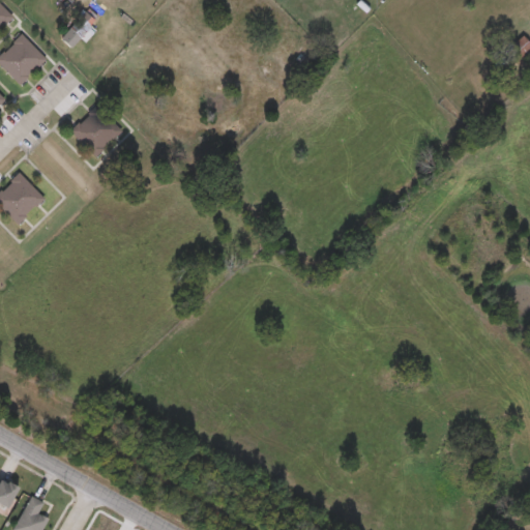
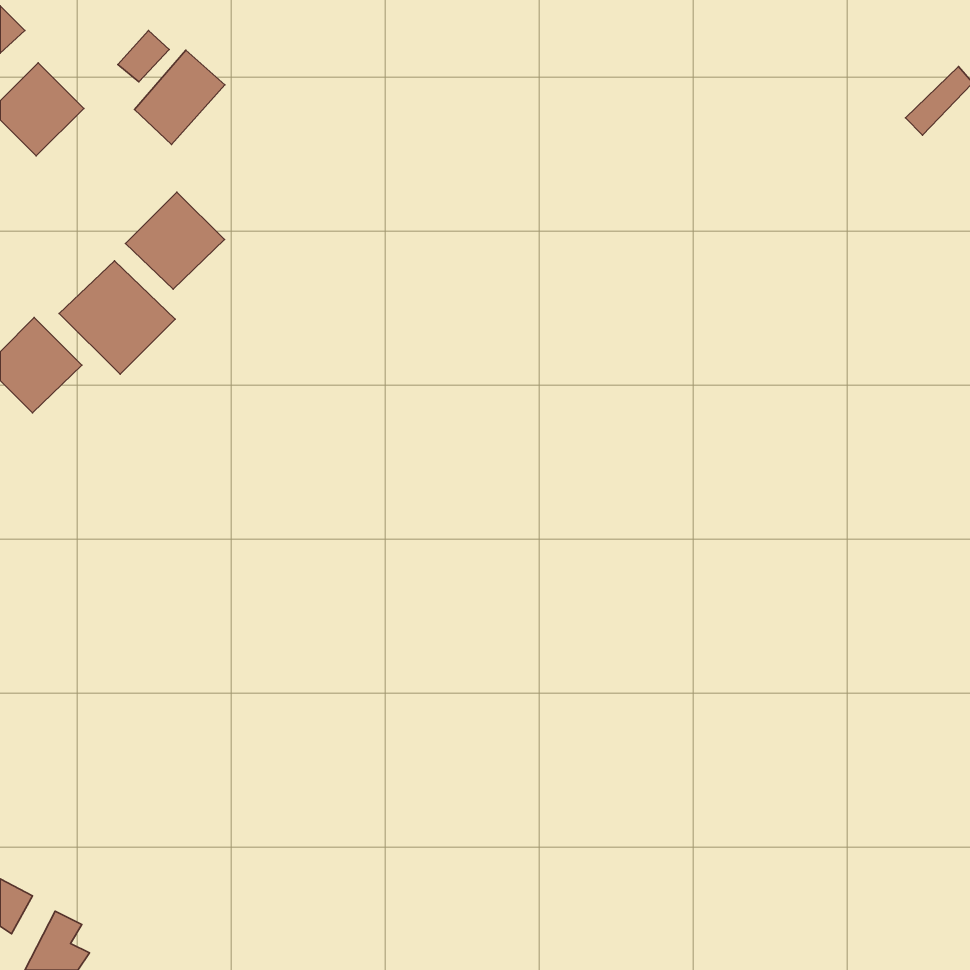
building: none -> [135,50,225,144]
building: none -> [59,261,175,374]

